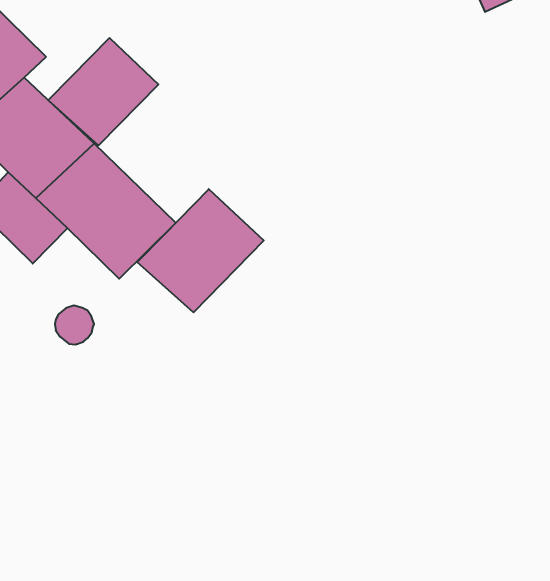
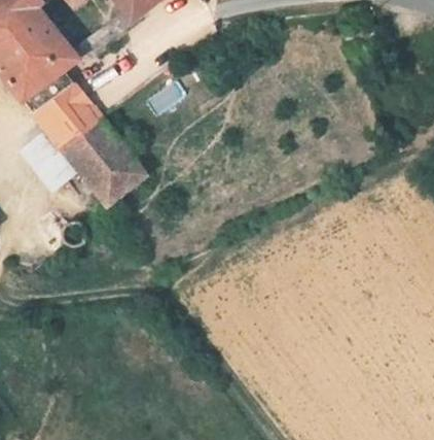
building: [48,38,158,145] -> none
building: [137,189,264,312] -> none

